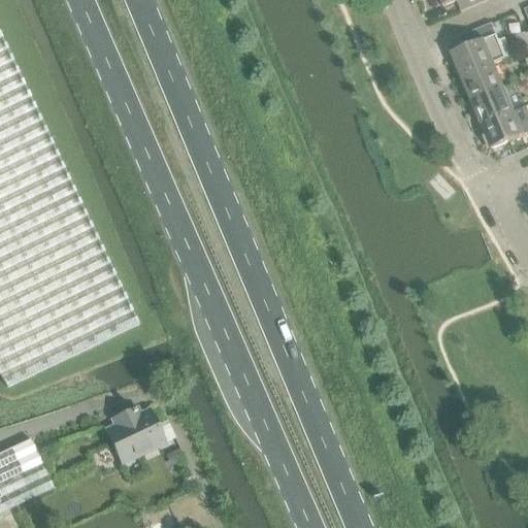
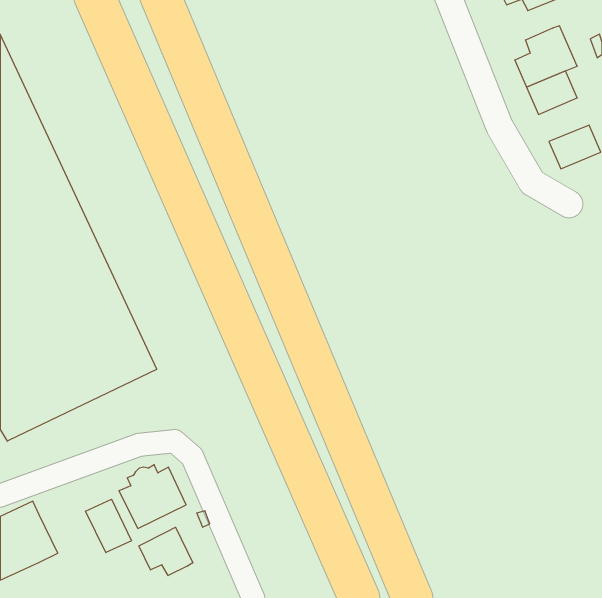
building: [471,86,516,124] -> none
building: none -> [86,499,132,553]
building: none -> [139,527,193,576]

